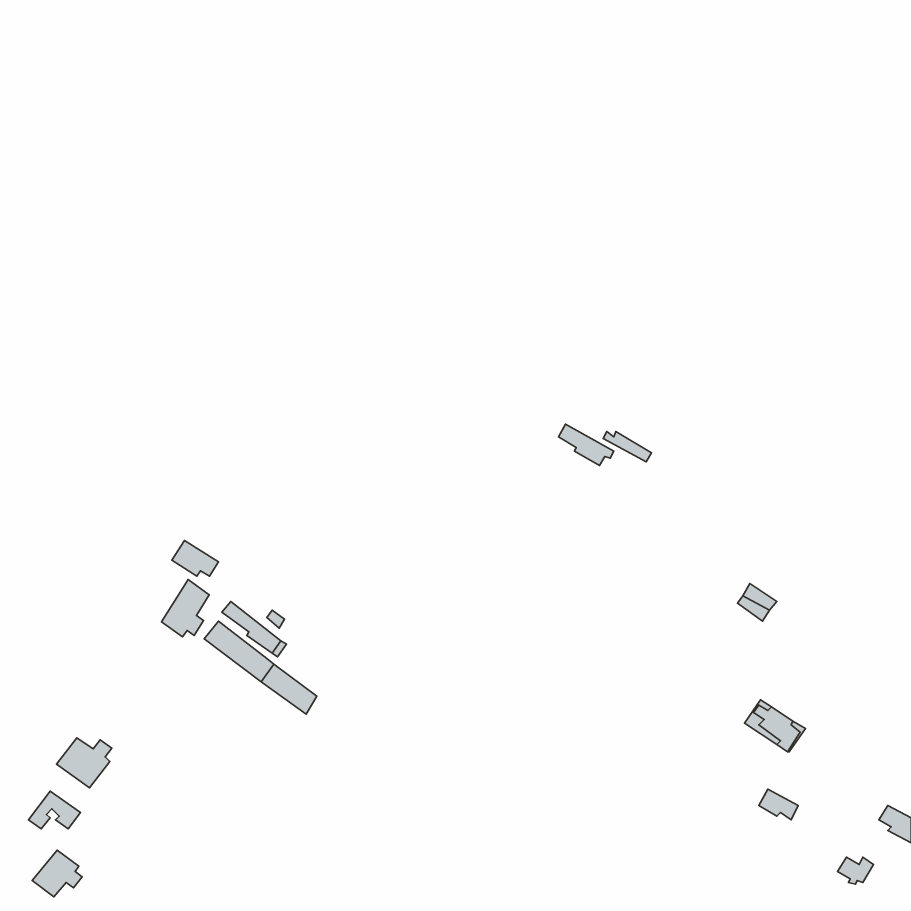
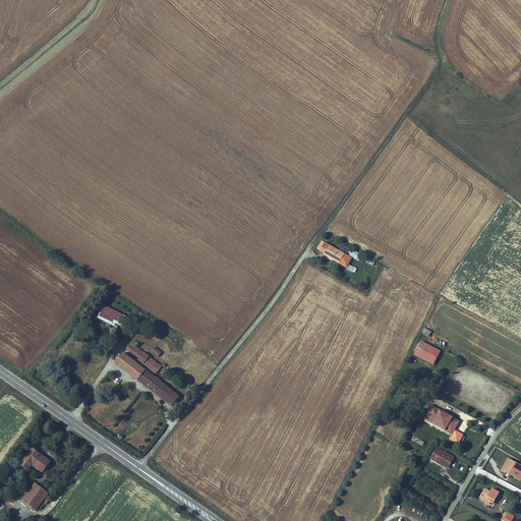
building: [161,580,209,637] -> none
building: [57,738,112,788] -> none

